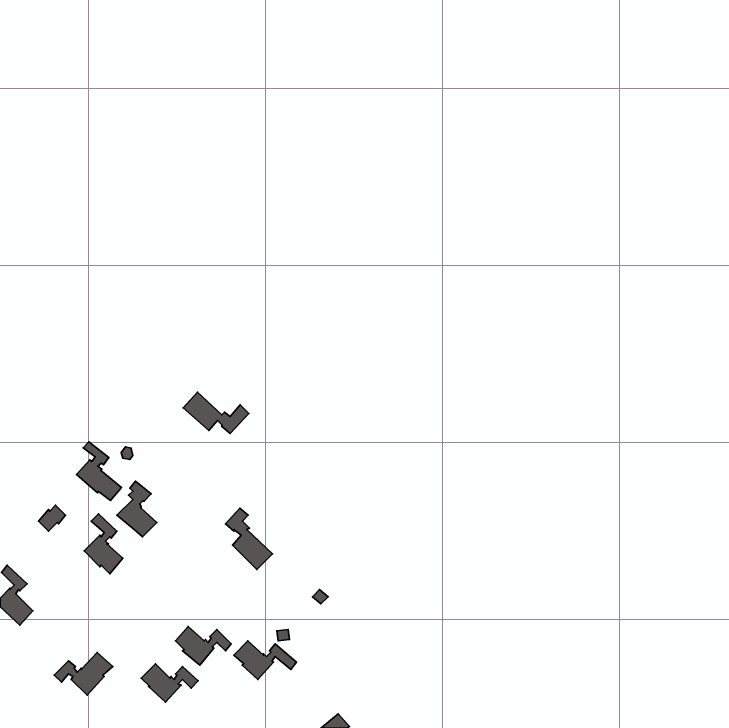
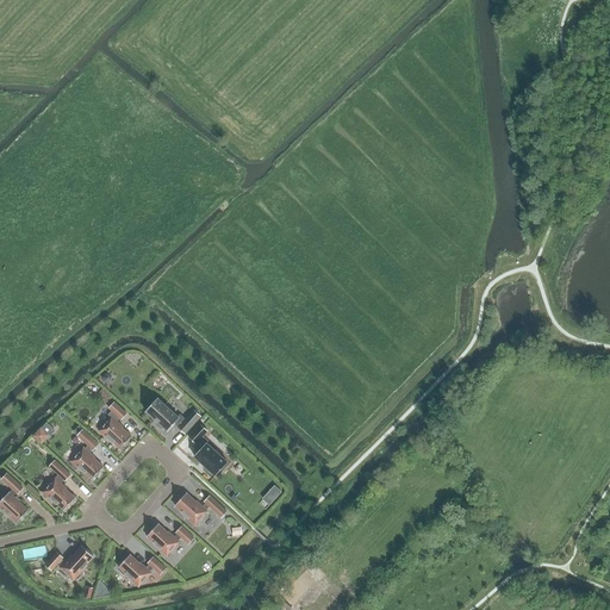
building: [183,392,249,434] -> [145,398,200,432]
building: [76,442,121,501] -> none
building: none -> [42,460,75,510]
building: [234,641,296,679] -> [174,492,226,524]

